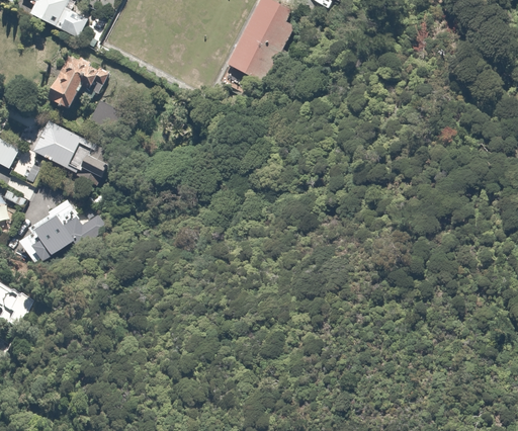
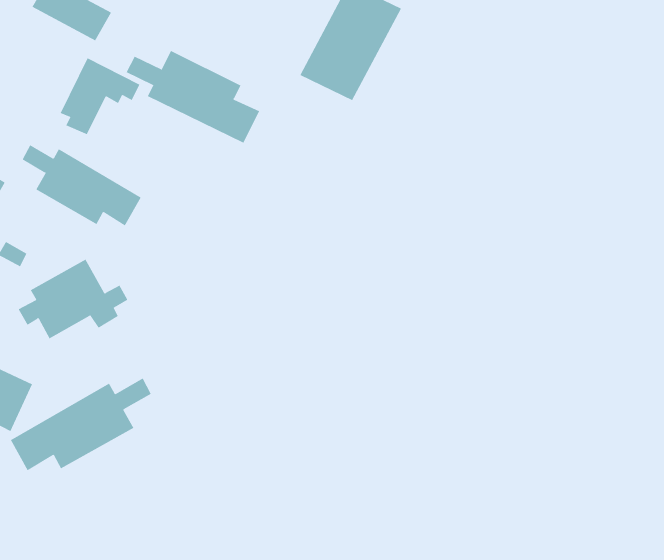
building: none -> [126,50,260,144]
building: none -> [10,378,152,471]

